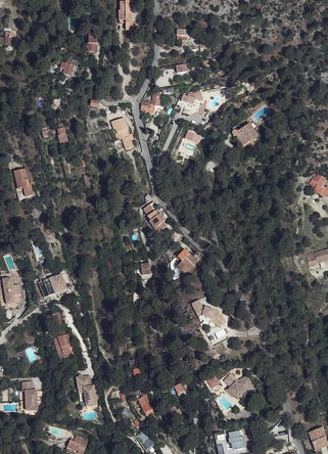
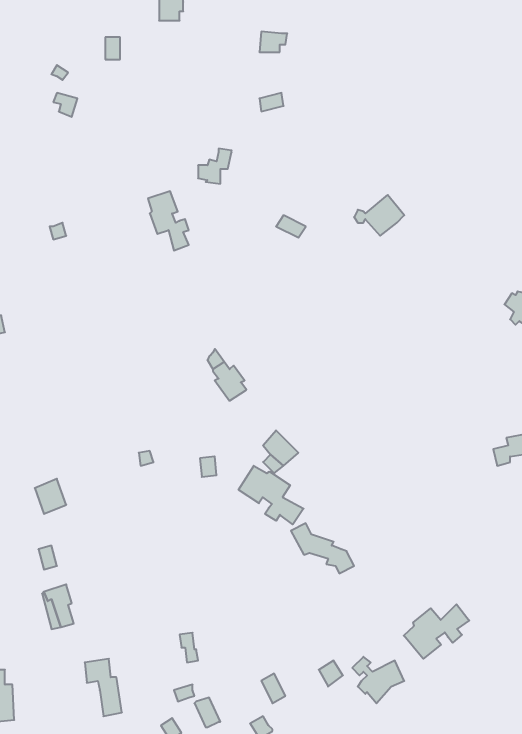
building: none -> [239,466,304,524]
building: none -> [404,604,469,659]

